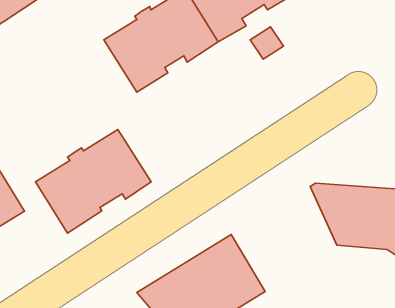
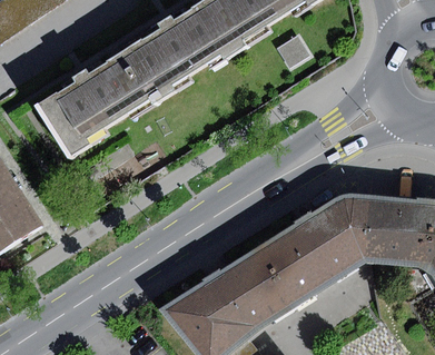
building: [36,129,151,233] -> [37,48,157,156]
building: none -> [255,200,365,309]

